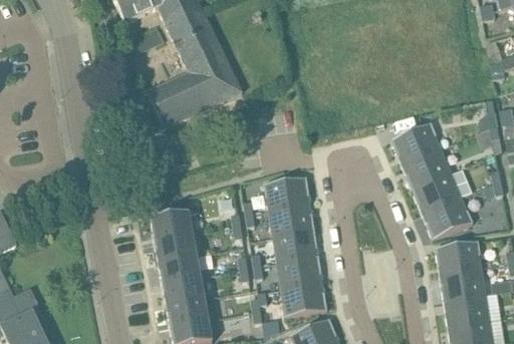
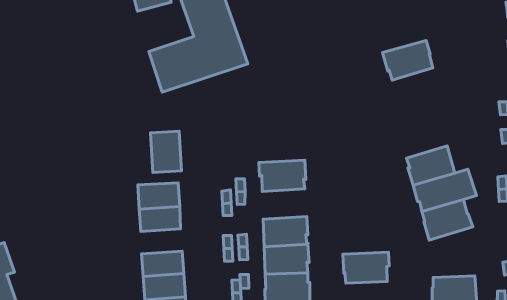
building: [391,123,440,164] -> [383,41,433,80]
building: none -> [150,131,181,172]
building: [269,205,314,238] -> none
building: [435,241,480,275] -> [343,252,389,283]
building: [159,256,200,284] -> none

